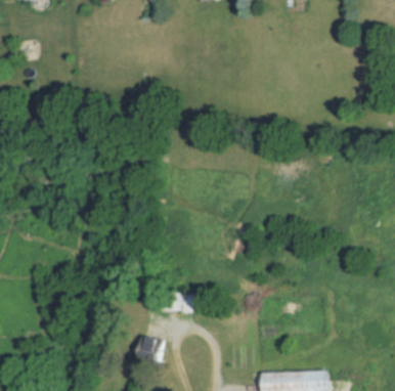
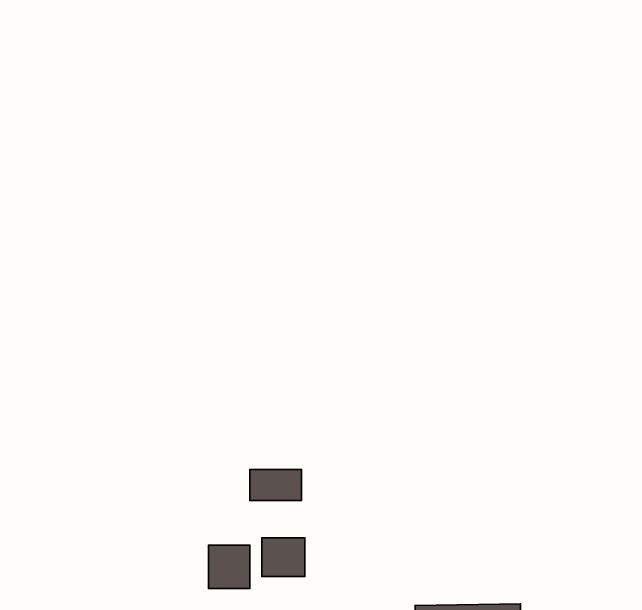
building: none -> [262,538,305,577]

